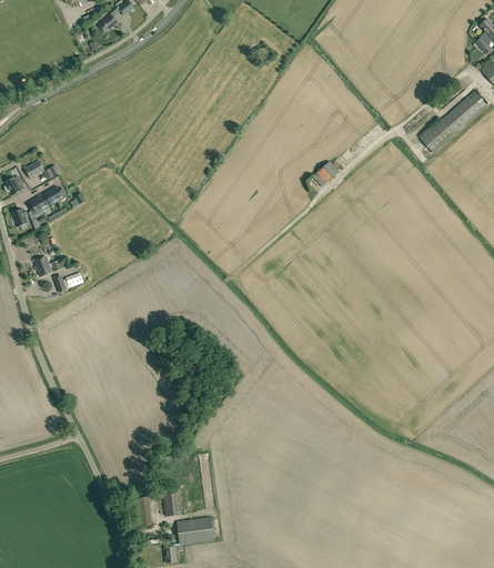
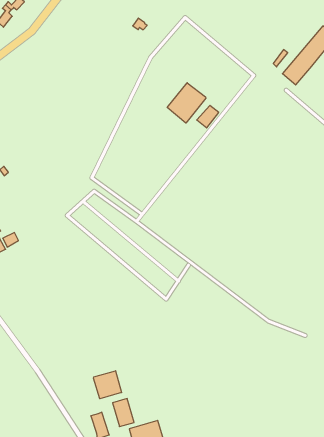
building: none -> [167,83,206,123]
building: none -> [93,371,122,399]

